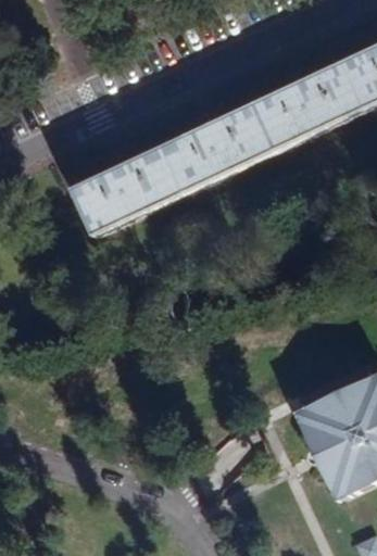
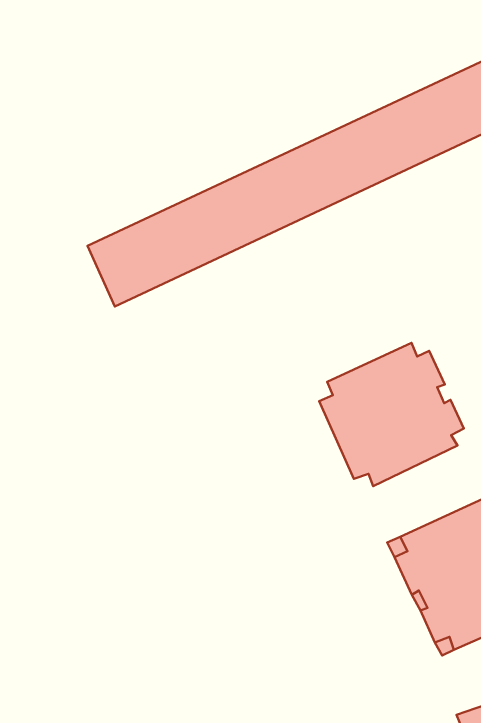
building: none -> [319,343,464,486]

